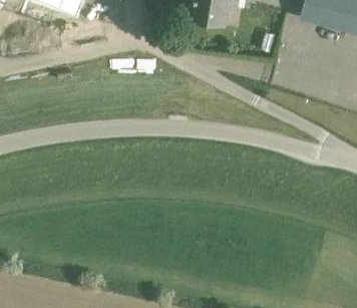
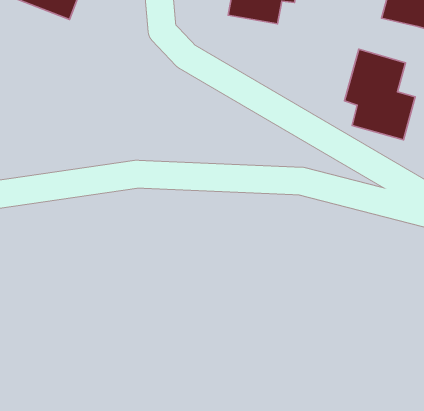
building: none -> [344,49,415,140]

